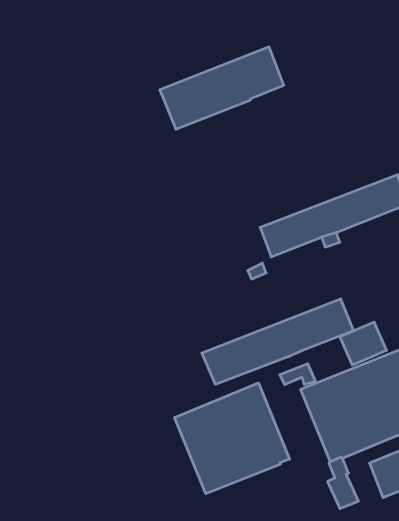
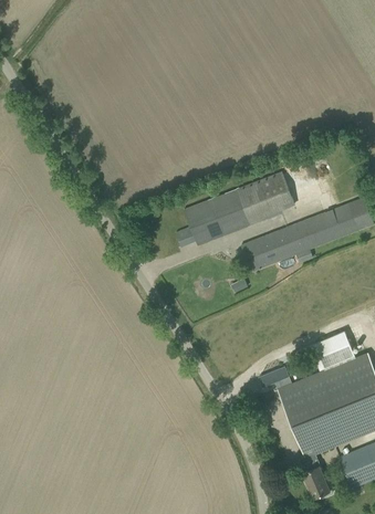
building: [160,47,284,129] -> [184,170,295,244]
building: [202,299,354,384] -> none
building: [175,383,290,494] -> none

